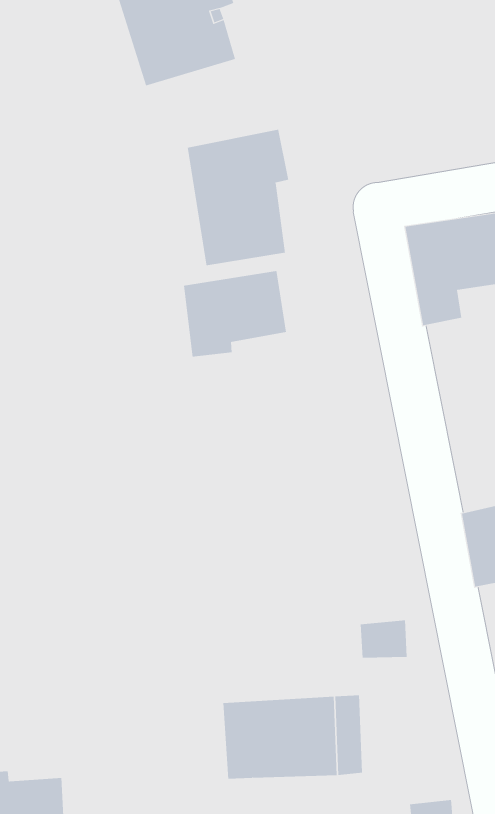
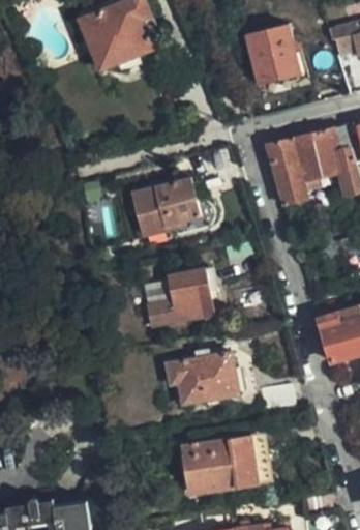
building: none -> [245,25,300,85]
building: [187,129,289,266] -> none
building: none -> [148,266,215,324]
building: none -> [167,352,238,404]

